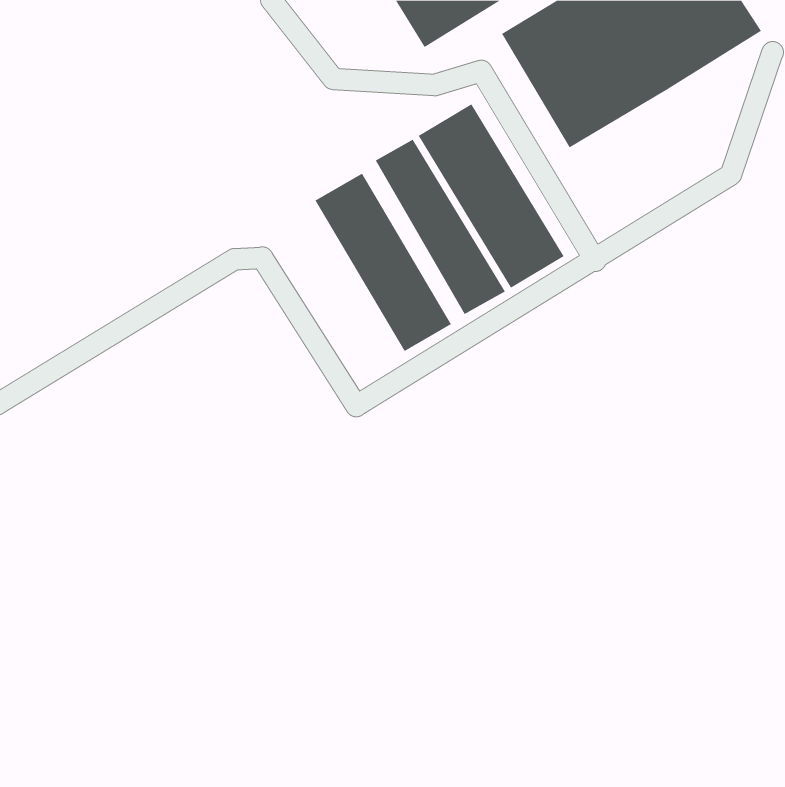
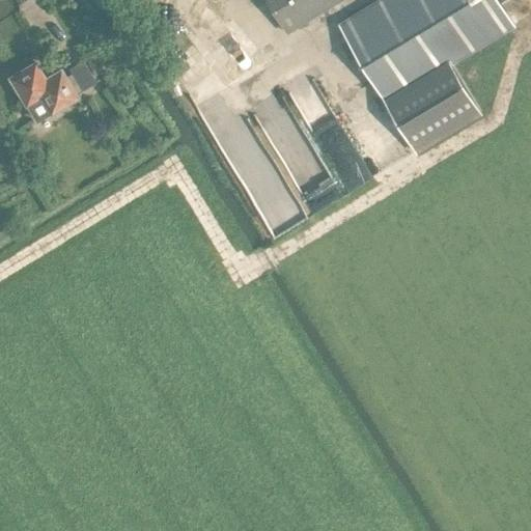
building: none -> [6,60,93,120]
building: none -> [383,61,480,153]

